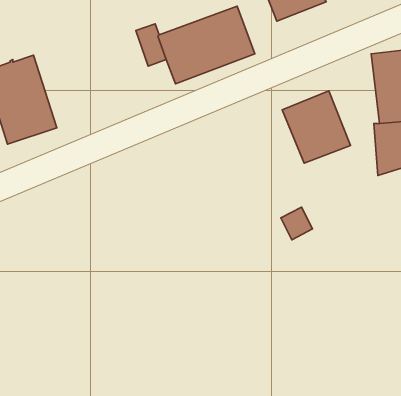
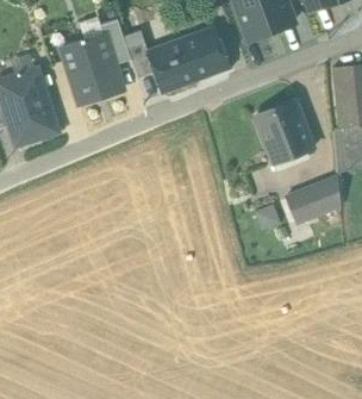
building: none -> [61,33,121,104]
building: none -> [283,175,339,223]

